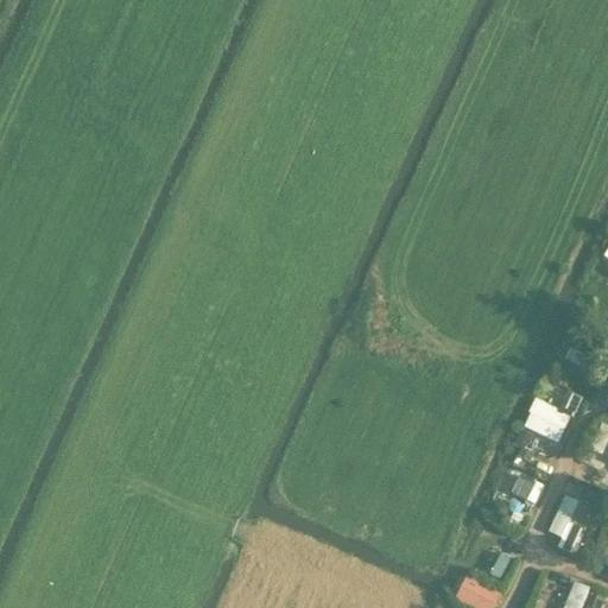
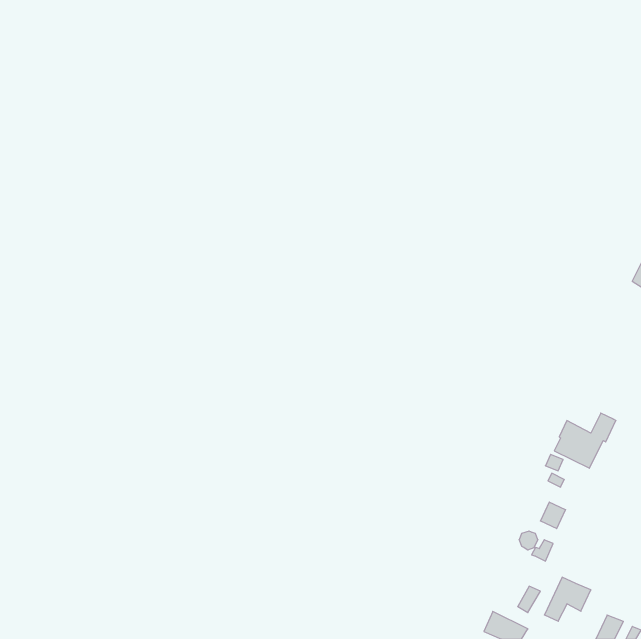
building: [549,496,593,538] -> [544,577,591,621]

